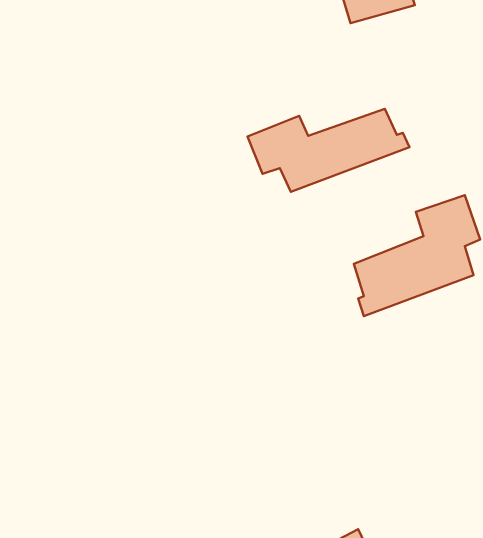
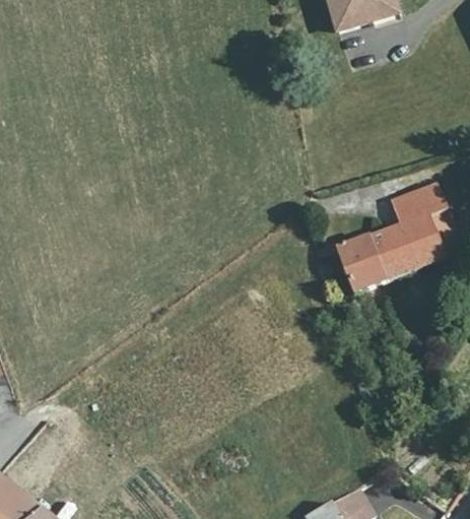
building: [247,109,409,192] -> none

